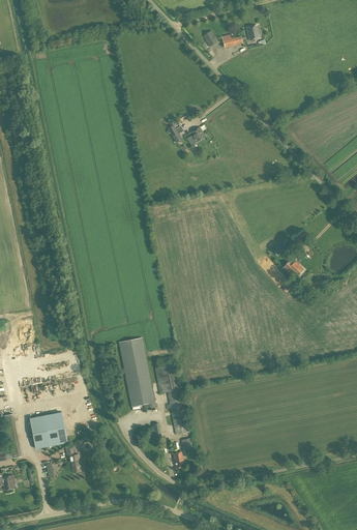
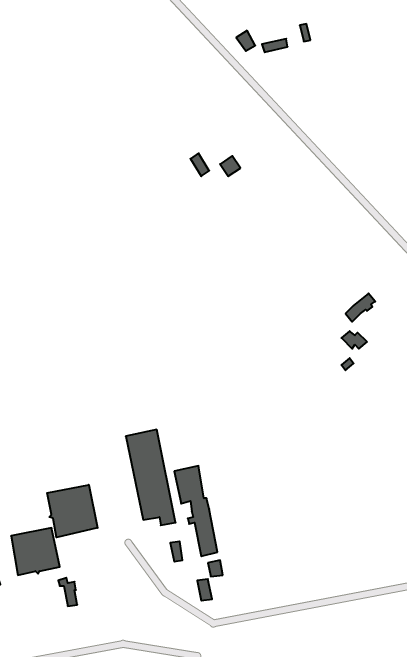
building: none -> [47,485,98,537]

